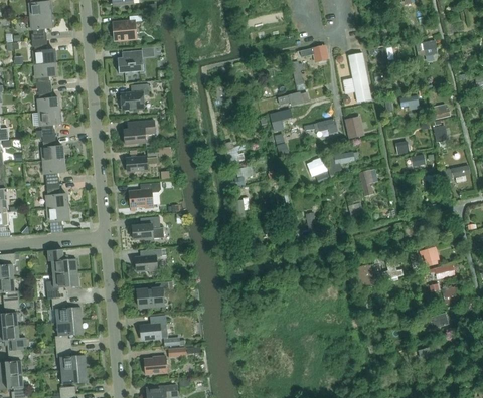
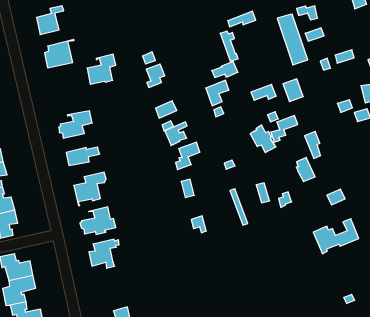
building: [121,83,149,110] -> [87,54,116,84]
building: [138,281,169,307] -> none

